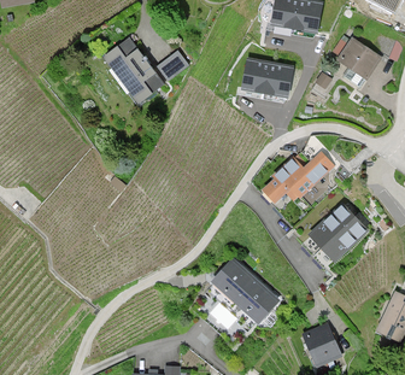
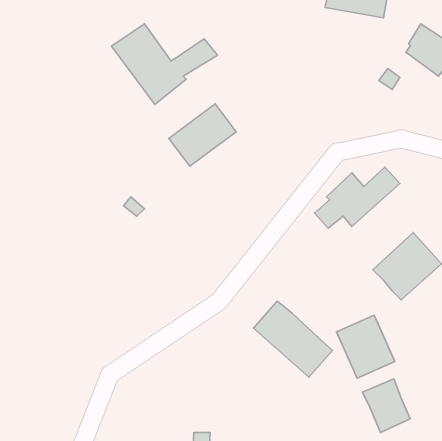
building: [243,59,294,94] -> none
building: none -> [169,104,236,166]
building: none -> [337,315,395,378]

